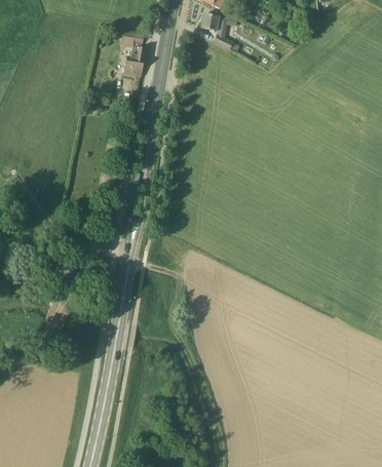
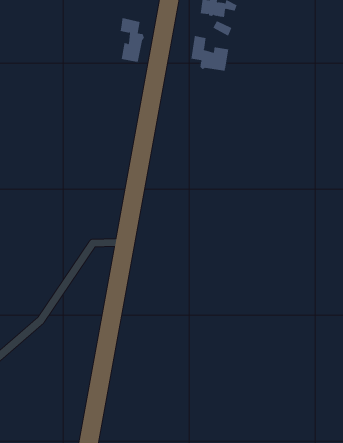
building: none -> [191,35,229,71]

